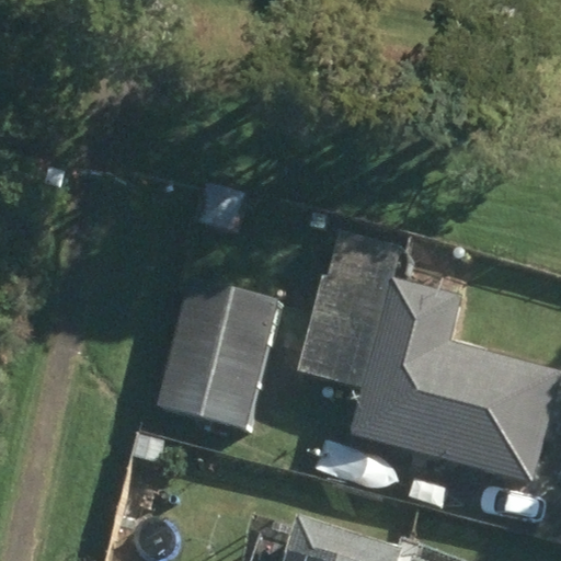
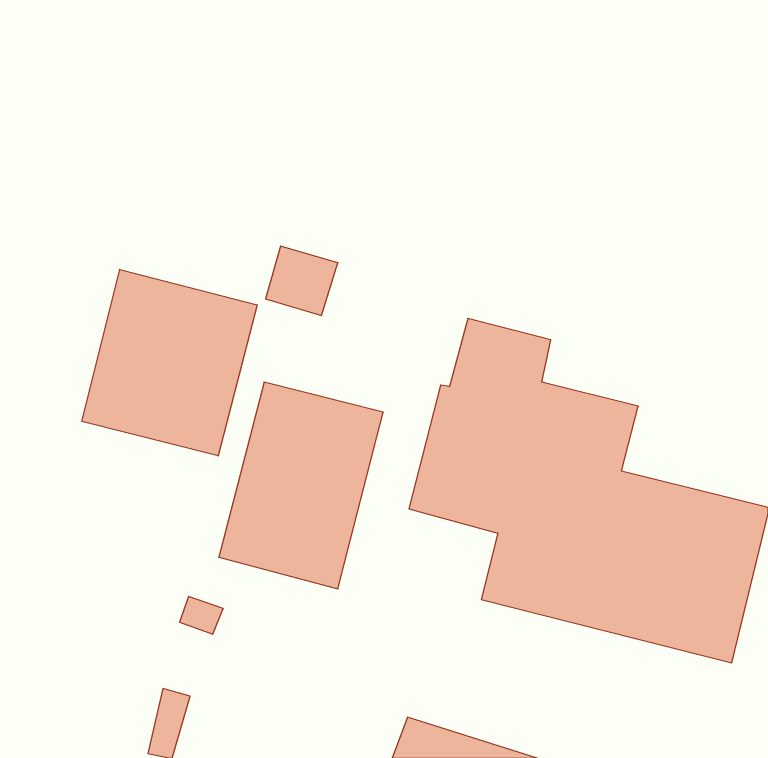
building: none -> [82,269,257,456]

